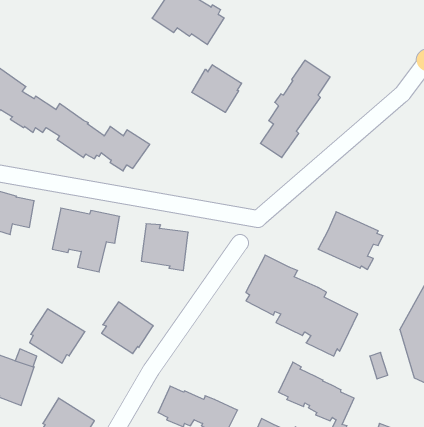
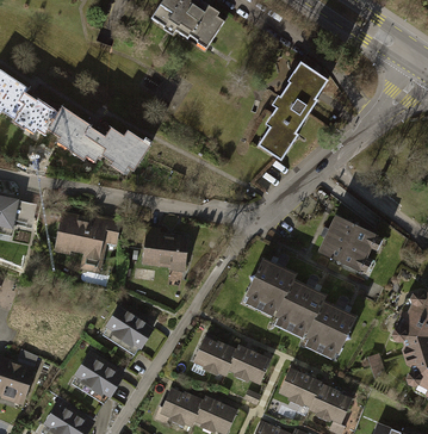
building: [192,65,242,112] -> none
building: [30,309,85,363] -> [70,349,125,403]
building: none -> [191,334,269,383]

